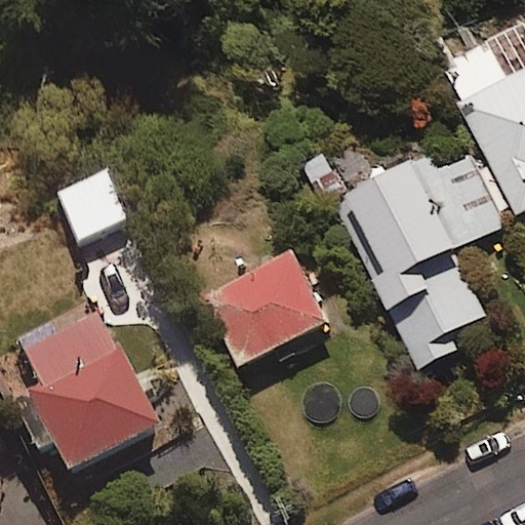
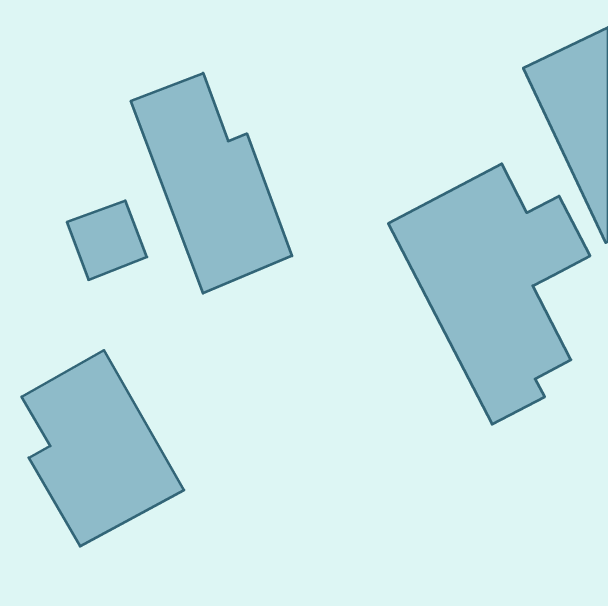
building: none -> [131,73,292,293]
building: [207,247,333,366] -> none

